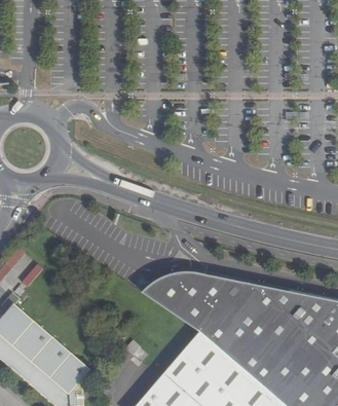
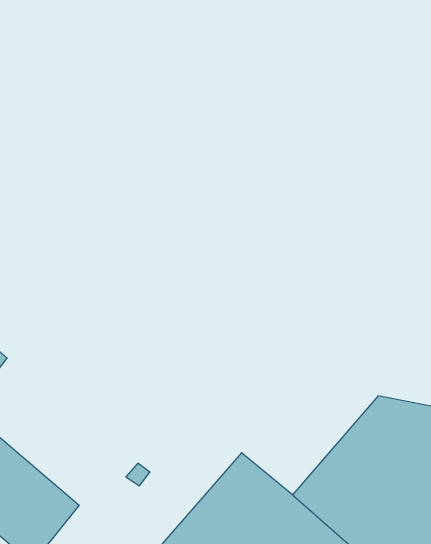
building: [143,272,294,361] -> none

